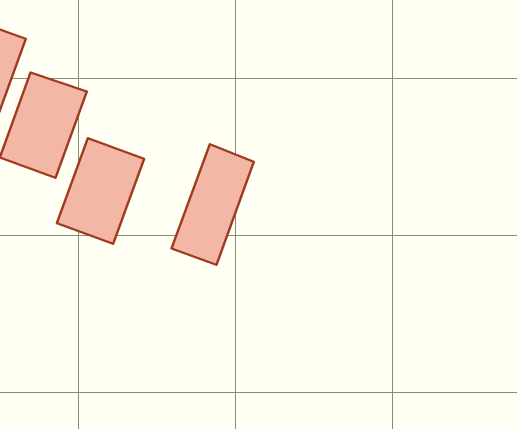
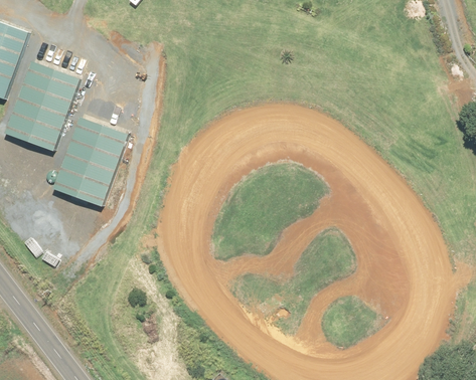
building: [172,144,254,265] -> none

